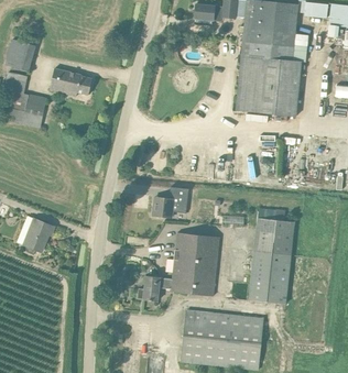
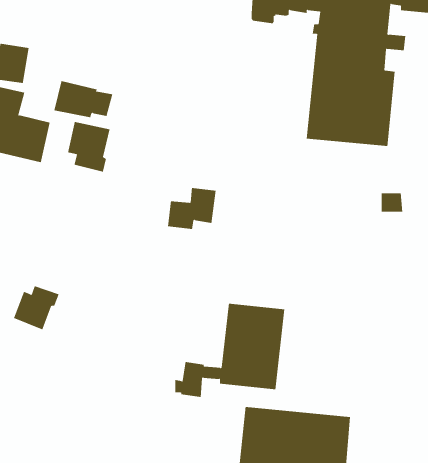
building: none -> [68,121,110,173]
building: [152,187,188,218] -> [167,188,217,229]
building: [251,217,296,301] -> none

